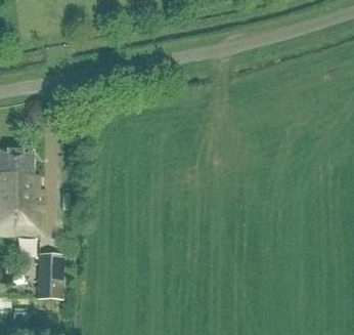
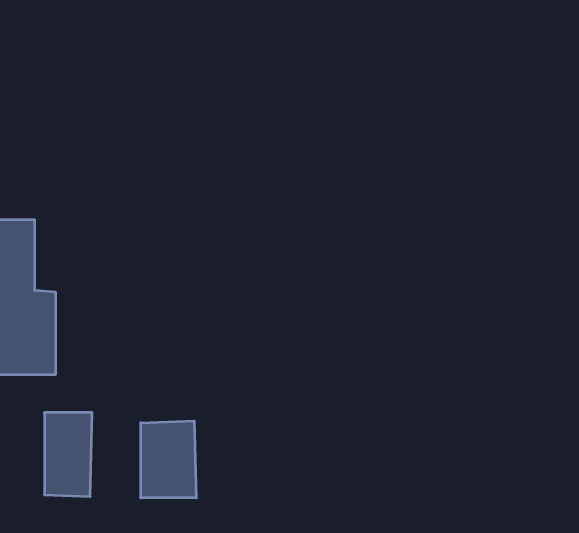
building: none -> [141,421,196,498]

